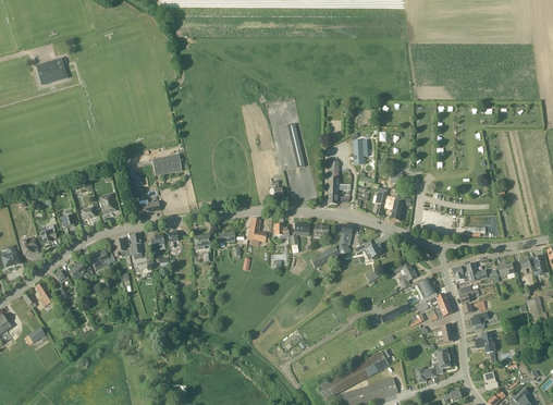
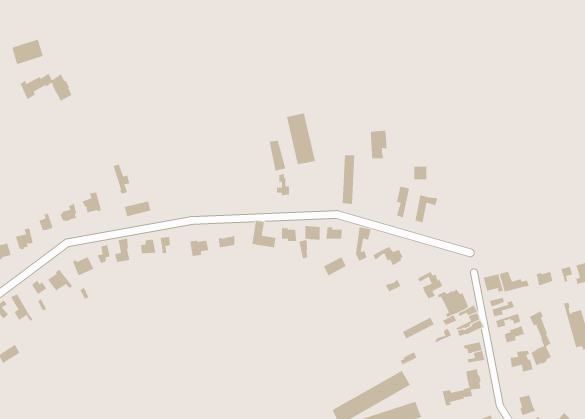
building: none -> [20,73,72,102]
building: [152,154,182,174] -> none
building: none -> [529,310,552,366]

